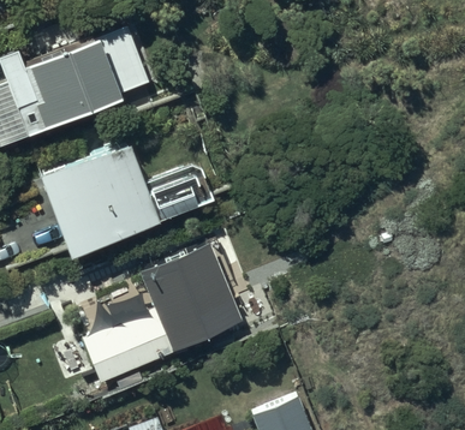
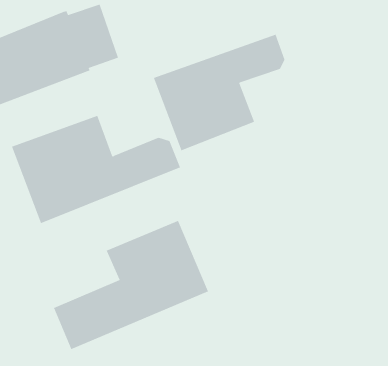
building: none -> [153,34,285,151]

